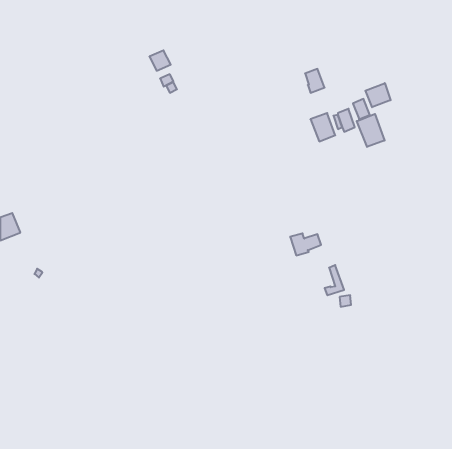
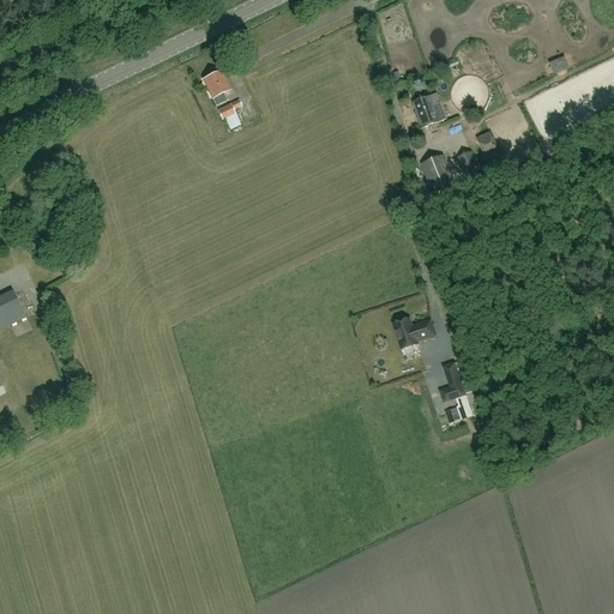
building: [365,83,391,107] -> none
building: [357,114,385,147] -> none

